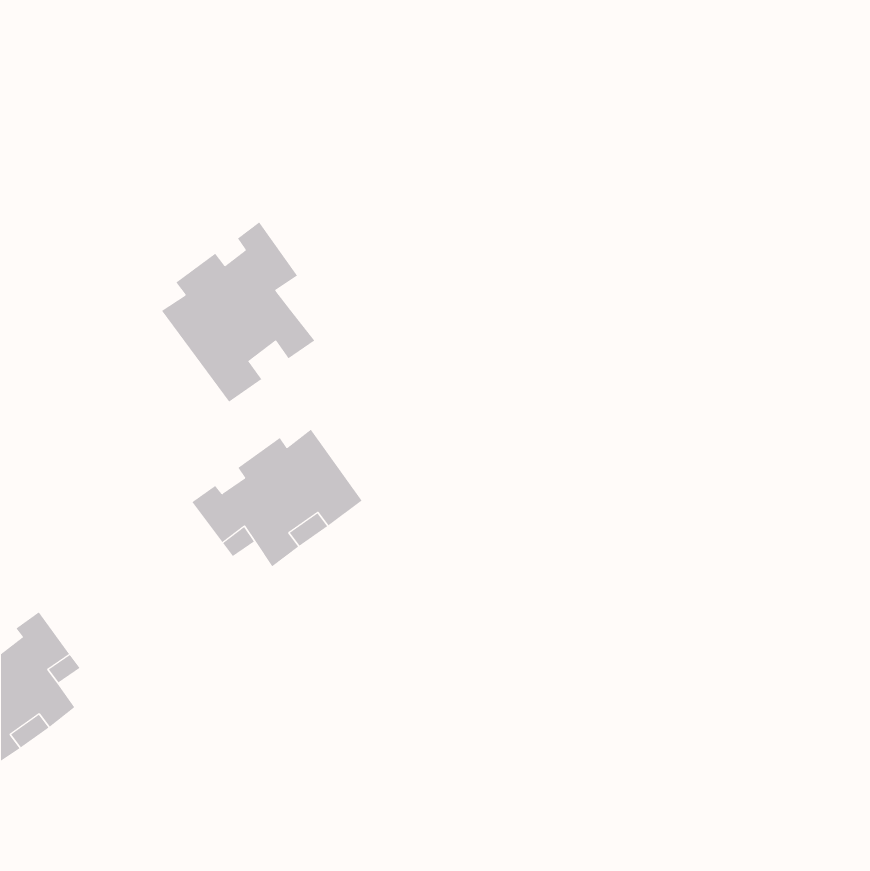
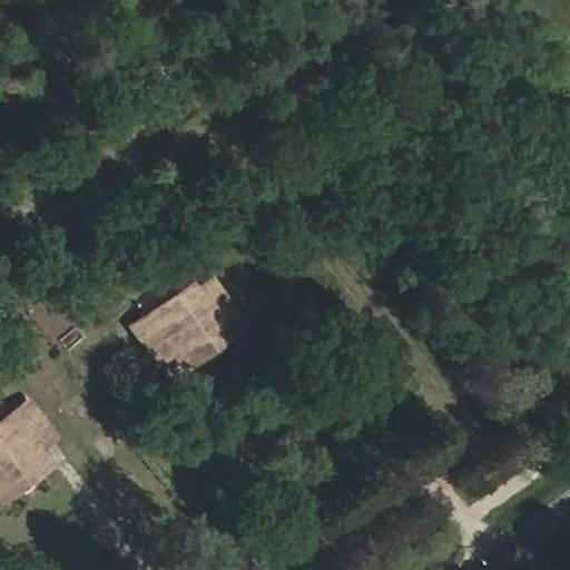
building: [161,222,315,402] -> none

